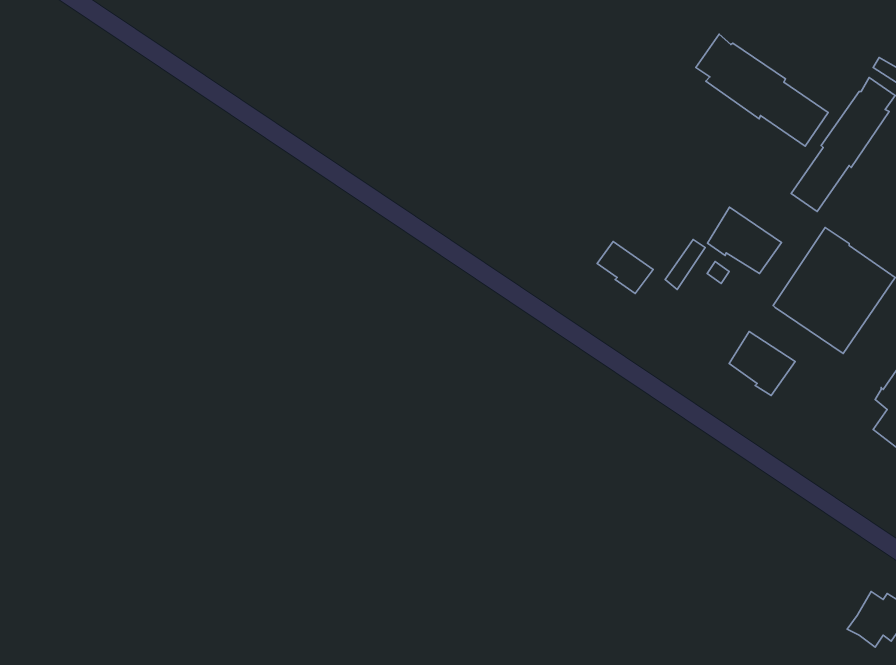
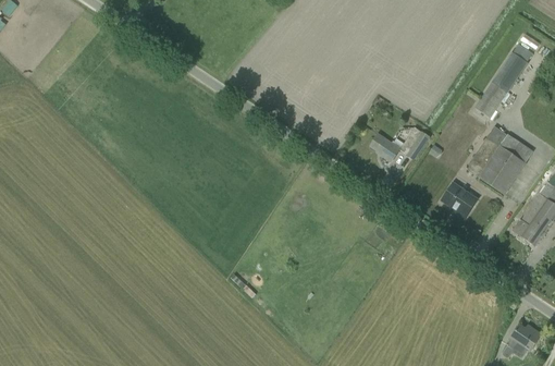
building: [696,34,828,146] -> none
building: [707,207,781,274] -> none

